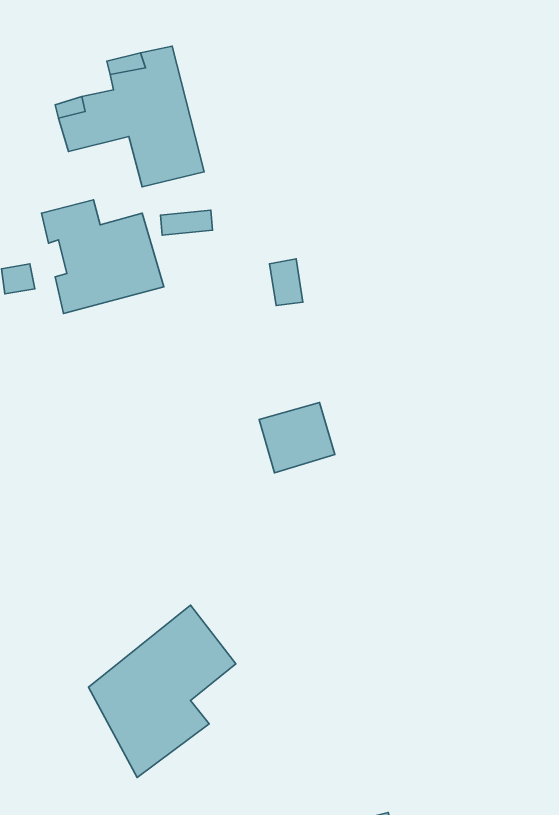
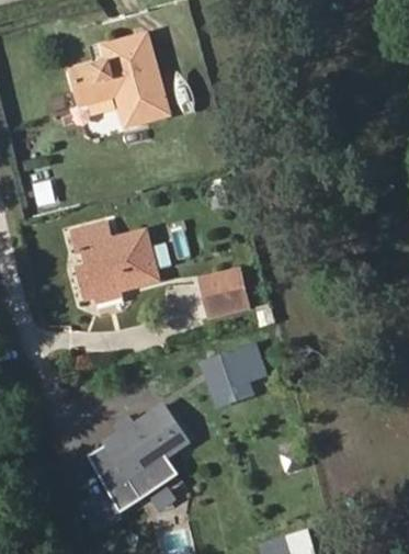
building: [42,200,164,314] -> [70,225,150,299]
building: none -> [201,341,270,405]

